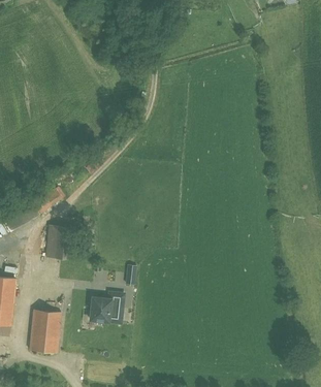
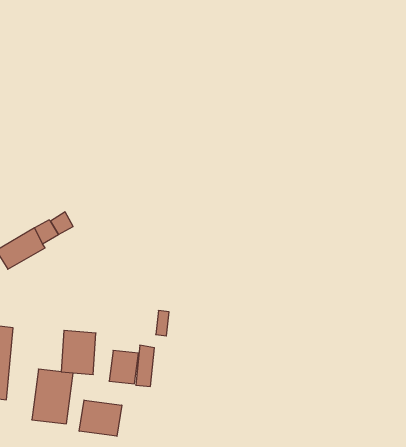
building: [45,224,72,258] -> [61,330,96,374]
building: none -> [79,400,122,436]

